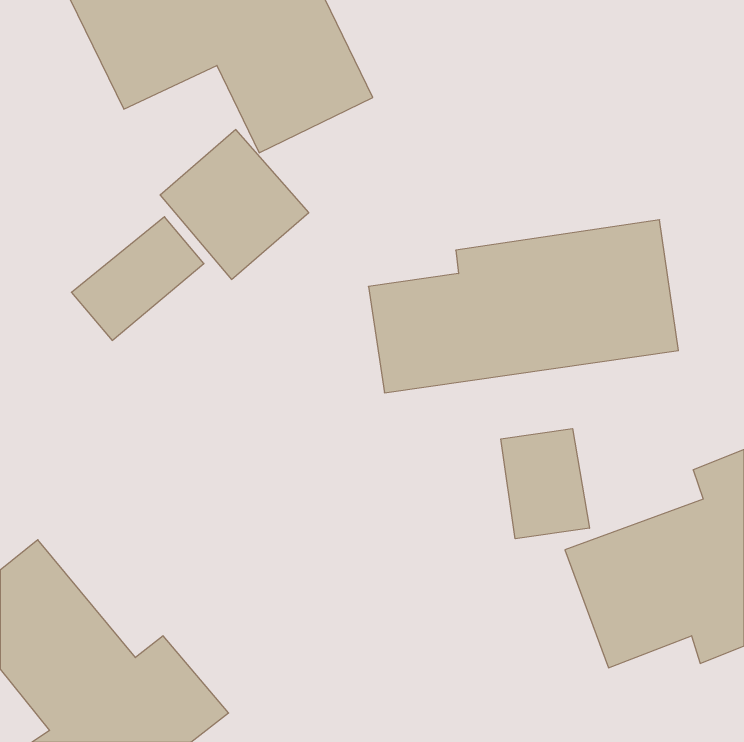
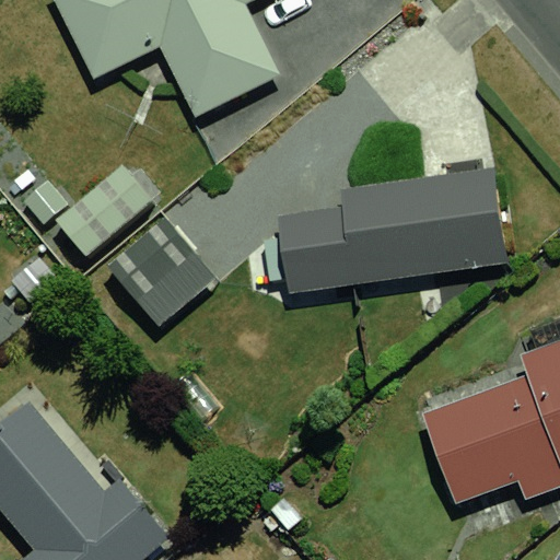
building: [160,130,309,279] -> [108,220,220,332]
building: [501,429,589,539] -> none

